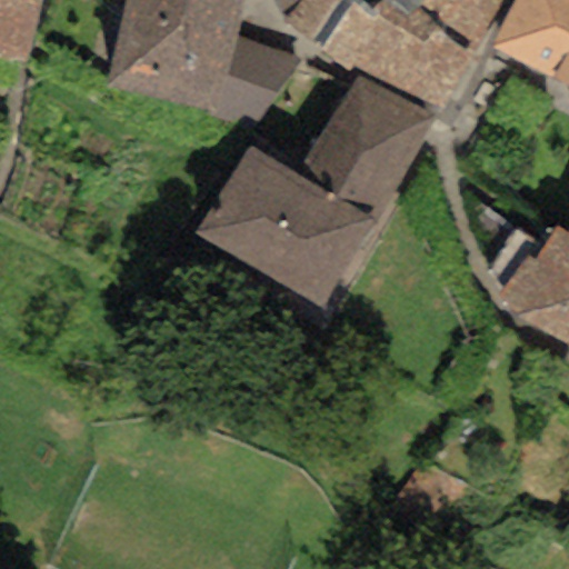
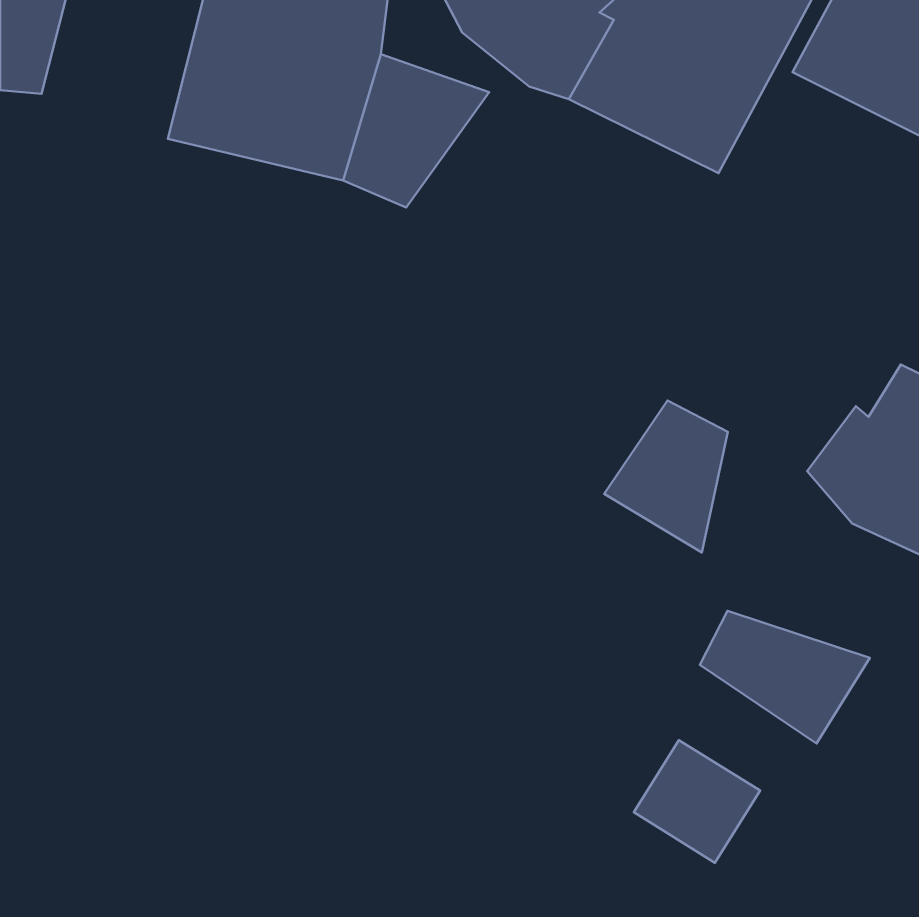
building: [197,73,433,306] -> none
building: none -> [604,400,728,553]
building: none -> [700,611,870,744]

